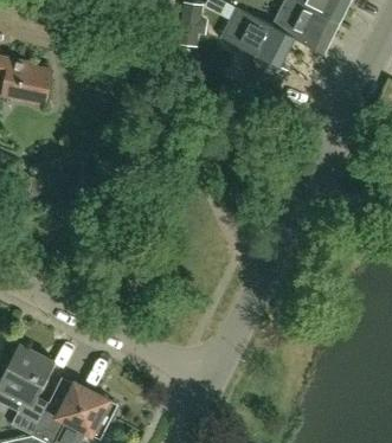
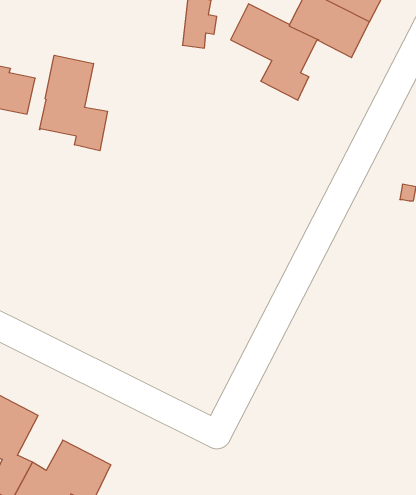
building: none -> [39,55,107,151]

